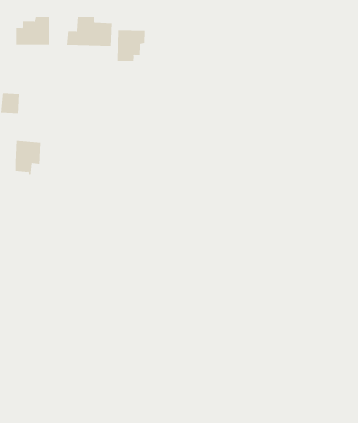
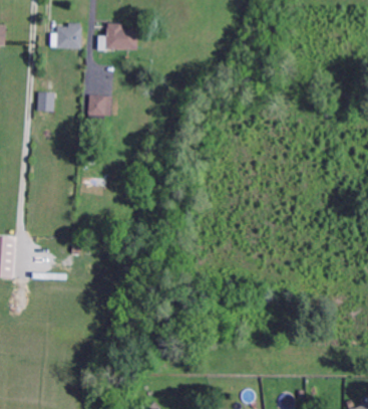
building: [117,29,145,62] -> none
building: [15,140,41,176] -> [86,92,110,125]

